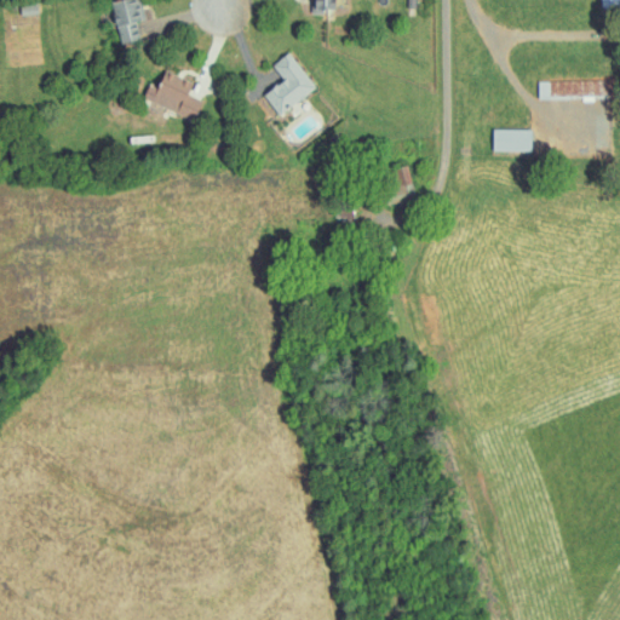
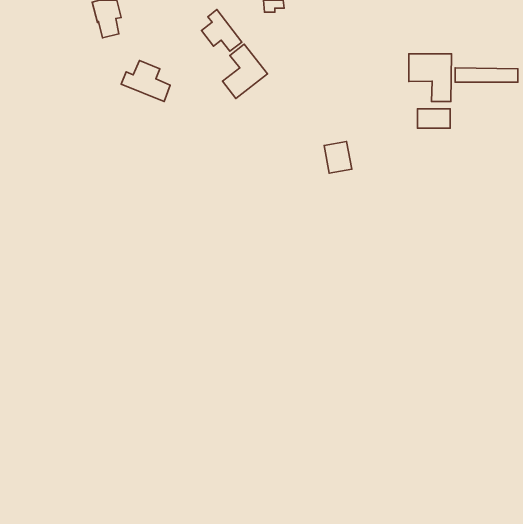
building: none -> [202,10,242,51]
building: none -> [409,54,451,102]

